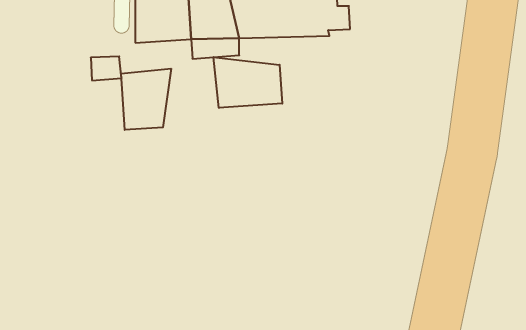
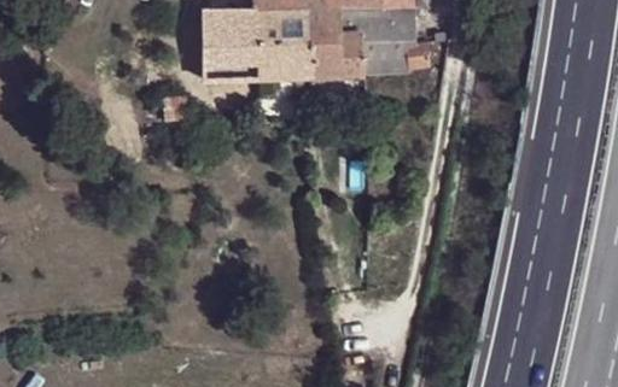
building: [213,57,282,108] -> none
building: [121,69,171,130] -> none

